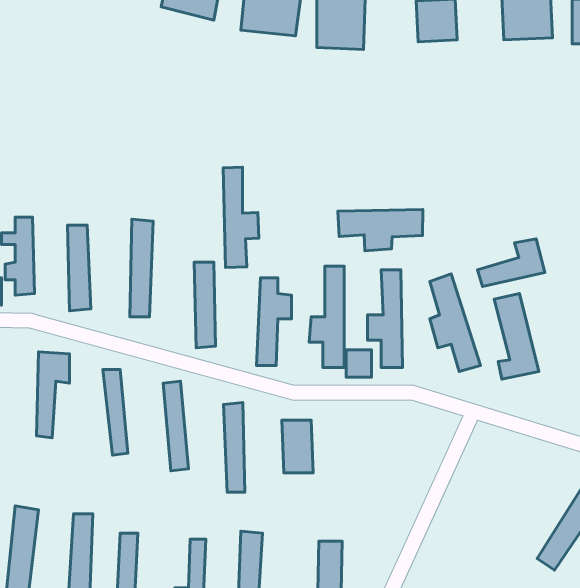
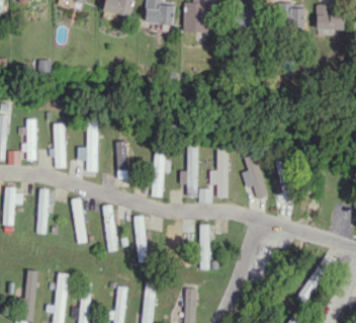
building: [223,167,259,268] -> none
building: [338,210,423,251] -> none
building: [477,239,545,286] -> none
building: none -> [198,225,214,269]

